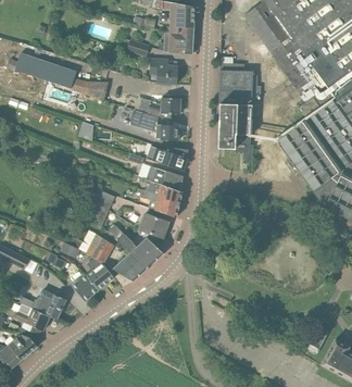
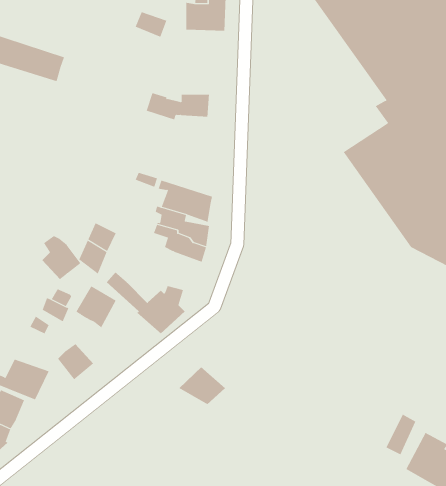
building: [149,59,177,84] -> none
building: [217,62,261,163] -> none
building: [72,78,108,99] -> none
building: [127,109,178,140] -> none
building: [146,146,188,171] -> none
building: [137,212,167,237] -> none
building: [112,253,146,280] -> [178,367,226,405]
building: [85,258,113,289] -> [42,236,81,280]

